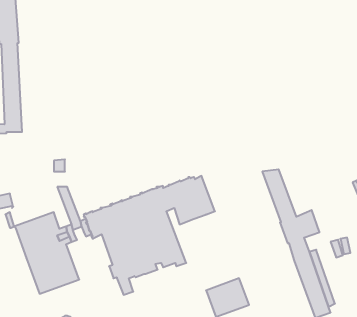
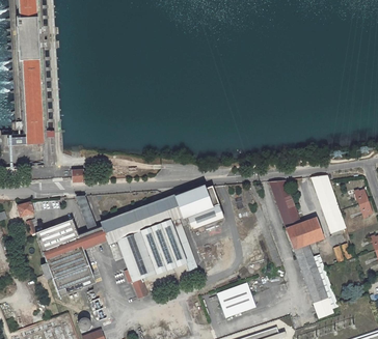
building: none -> [312,175,346,233]

